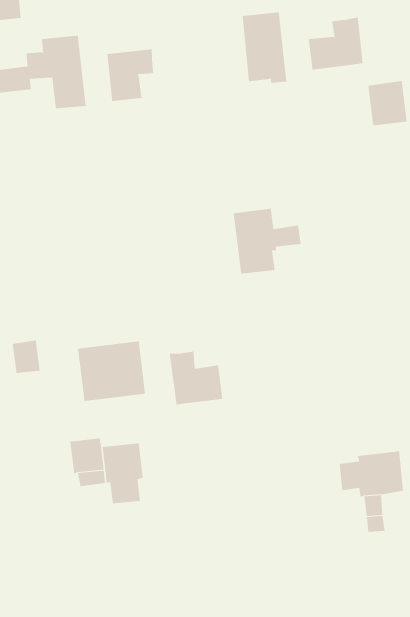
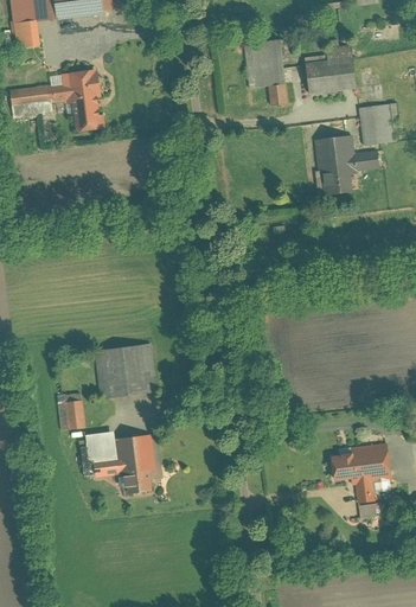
building: [107,48,154,102] -> none
building: [233,208,301,274] -> [315,135,378,196]
building: [12,340,40,374] -> [58,398,84,429]
building: [169,351,223,405] -> none

